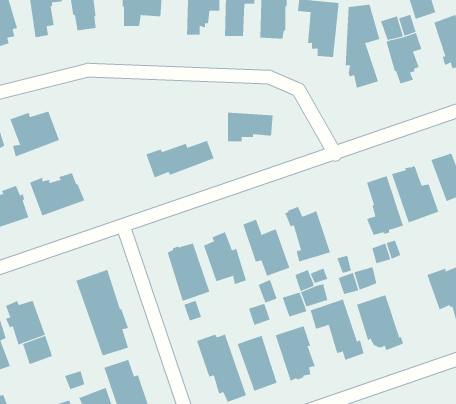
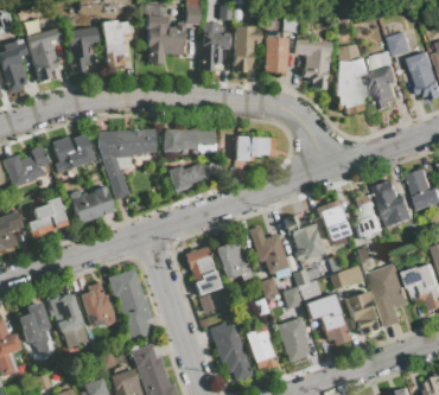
building: none -> [97,128,155,199]
building: none -> [164,128,215,152]
building: none -> [316,198,350,242]
building: none -> [369,265,411,329]
building: none -> [81,282,117,327]

